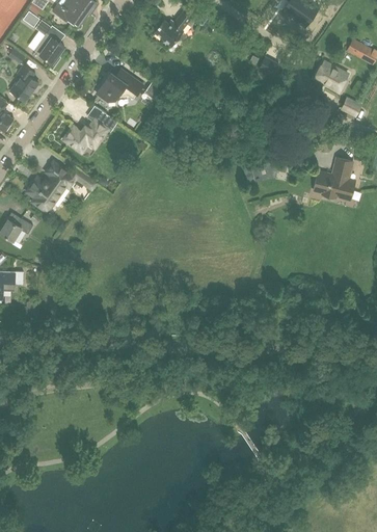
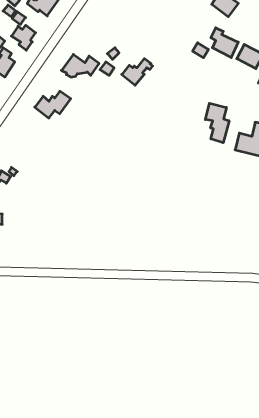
building: [155,11,193,45] -> [122,59,153,85]
building: none -> [211,28,238,58]
building: none -> [205,103,229,143]
building: [27,161,97,212] -> none

